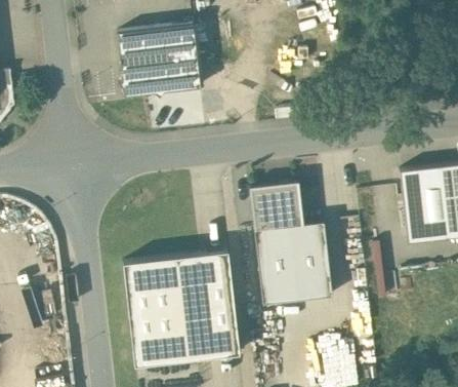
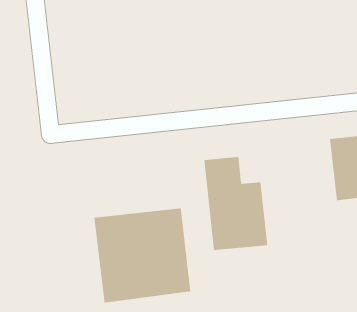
building: [118,25,201,96] -> none

